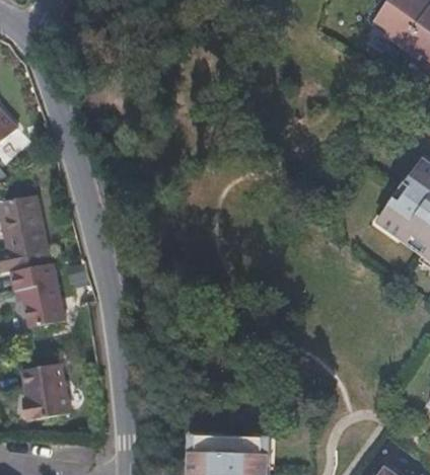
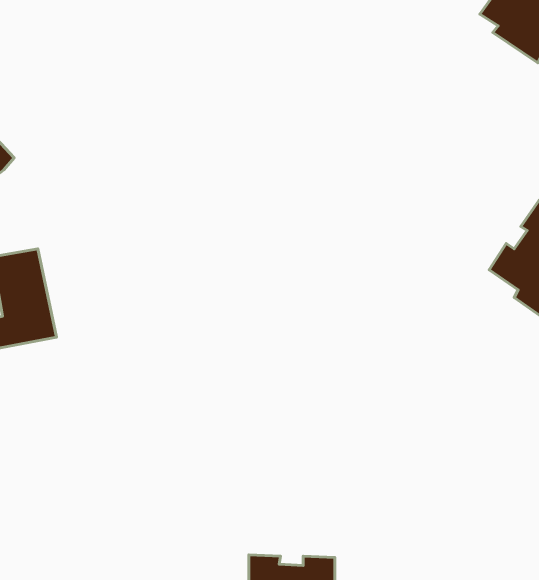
building: [10,267,62,329] -> none
building: [20,365,66,422] -> none

